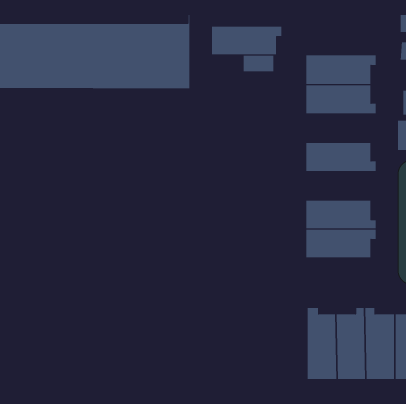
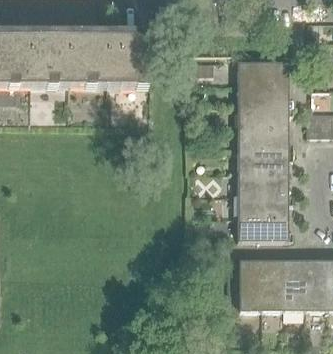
building: [211,26,282,55] -> [238,107,292,129]
building: none -> [238,151,292,173]
building: none -> [238,217,292,240]

